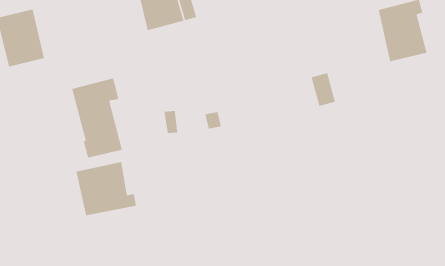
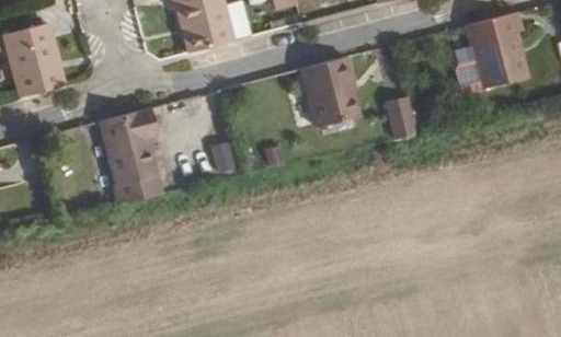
building: none -> [299,57,355,127]
building: [75,161,137,216] -> none

